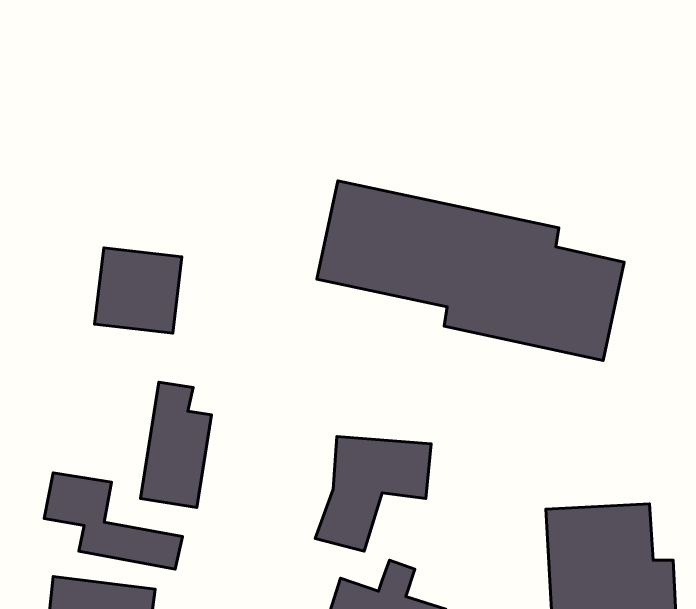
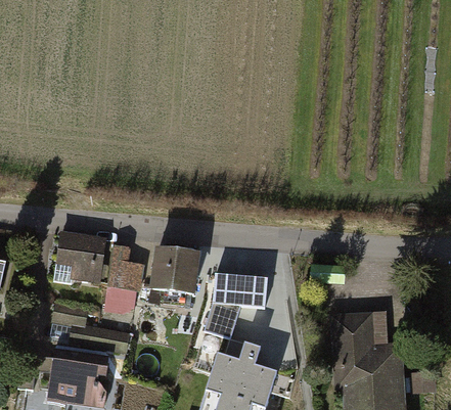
building: [317,181,624,360] -> none
building: [95,248,182,333] -> [55,234,104,282]
building: none -> [152,252,199,297]

